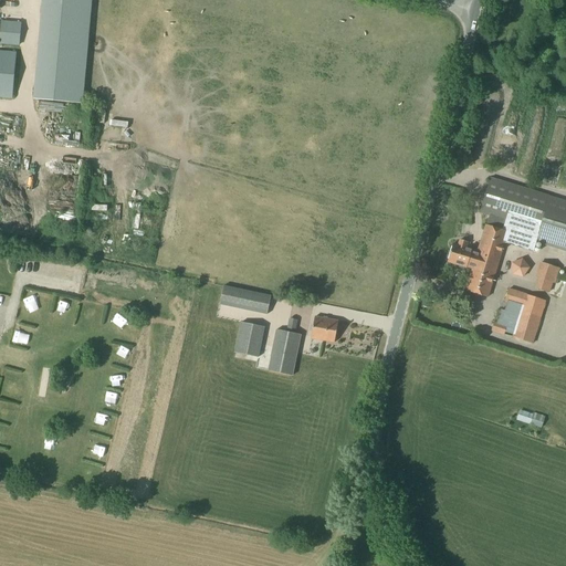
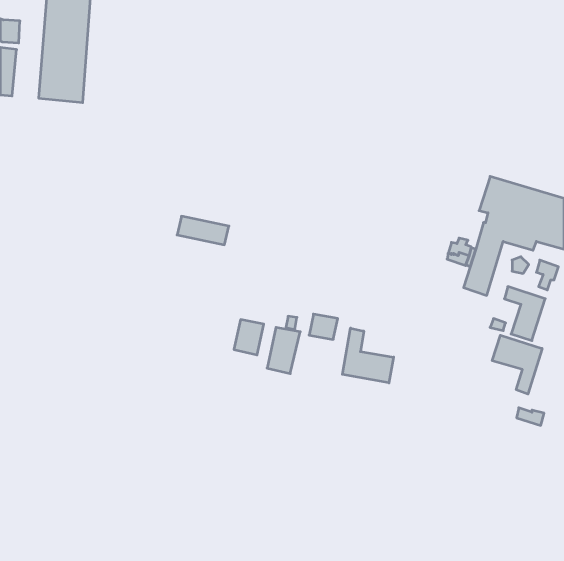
building: [219,284,271,313] -> [177,216,229,245]
building: none -> [342,328,394,383]
building: none -> [492,335,542,394]

